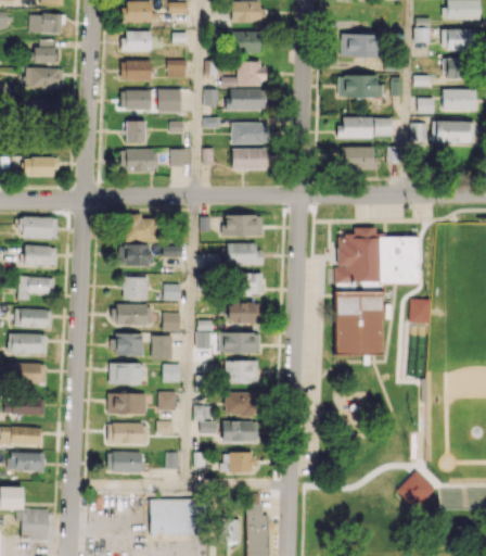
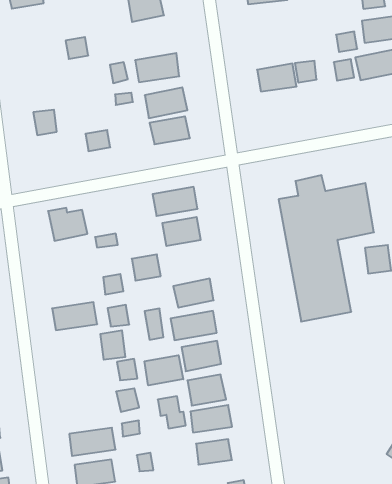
building: [123,30,151,52] -> none
building: [120,61,151,80] -> none
building: [221,62,265,87] -> none
building: [338,75,382,98] -> none
building: [157,89,180,113] -> none
building: [119,90,151,110] -> none
building: [343,147,378,169] -> none
building: [119,150,156,173] -> none
building: [118,244,149,266] -> none
building: [238,274,261,294] -> [132,254,161,281]
building: [122,276,148,300] -> none
building: [112,332,142,356] -> none
building: [108,363,142,384] -> none
building: none -> [145,355,183,385]
building: [106,393,145,414] -> none

